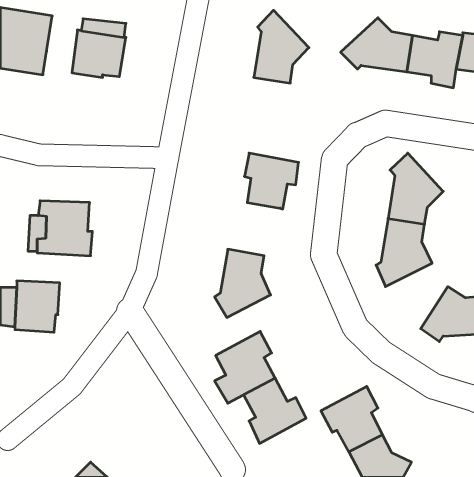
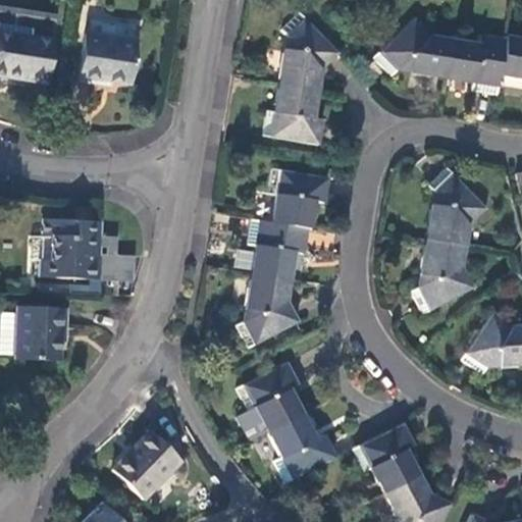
building: none -> [265,85,324,144]
building: none -> [237,218,309,279]
building: none -> [111,429,184,503]

